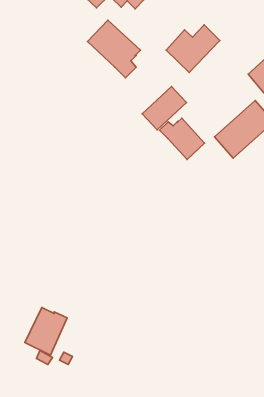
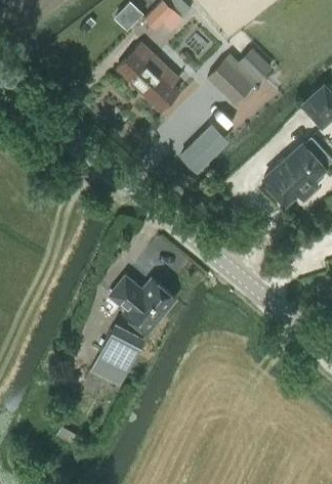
building: [160,118,204,160] -> none
building: none -> [111,277,175,332]
building: [25,307,67,355] -> [92,329,141,385]

